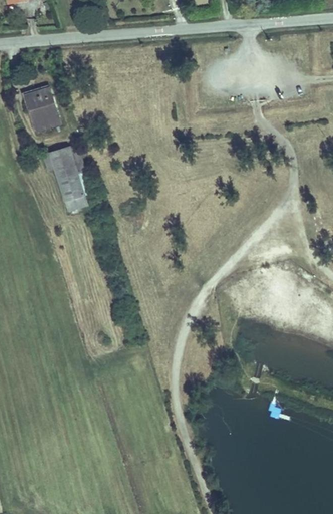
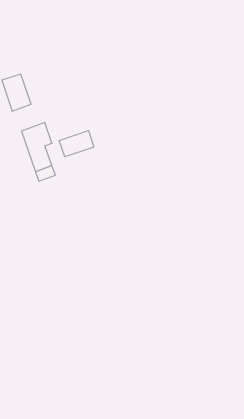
building: none -> [59,131,94,157]

